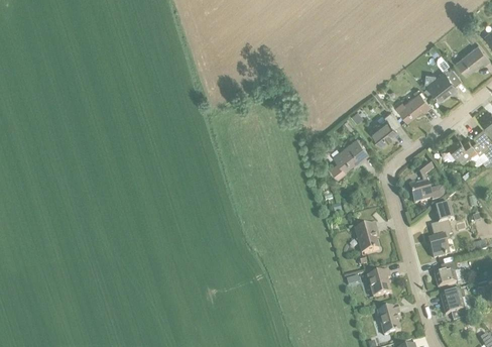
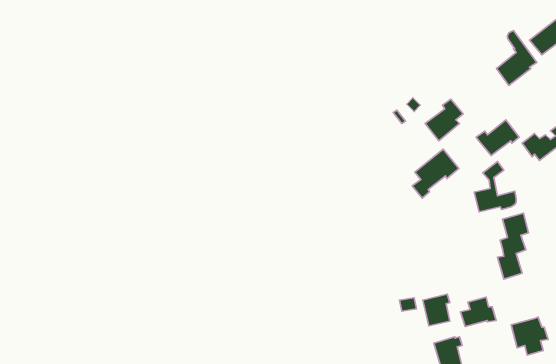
building: [393,91,428,120] -> [476,120,519,156]
building: [330,136,368,177] -> [412,149,459,198]
building: [353,223,377,253] -> none
building: [433,262,462,286] -> [460,297,496,327]

